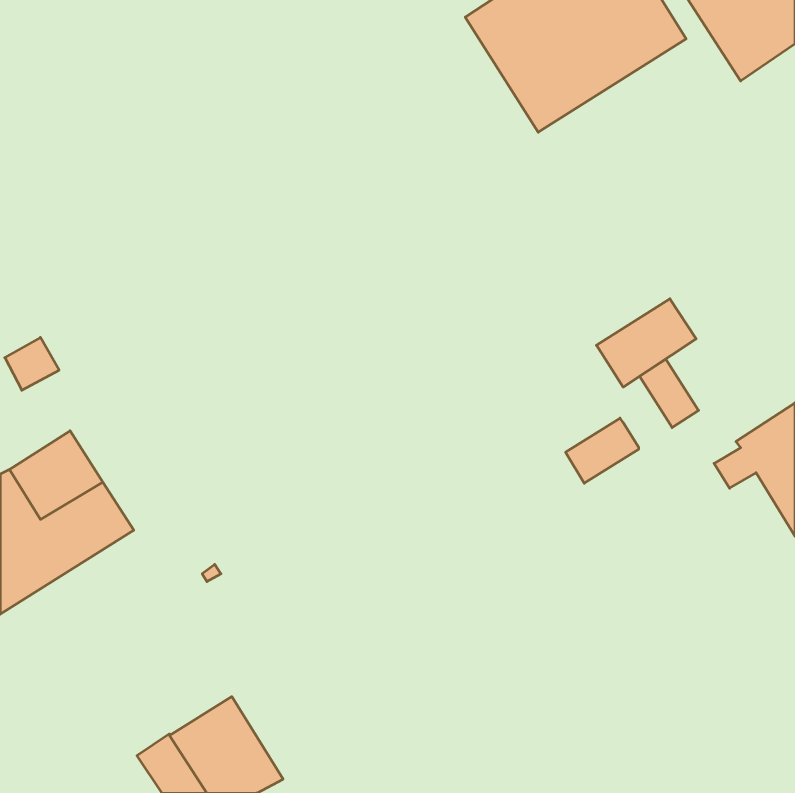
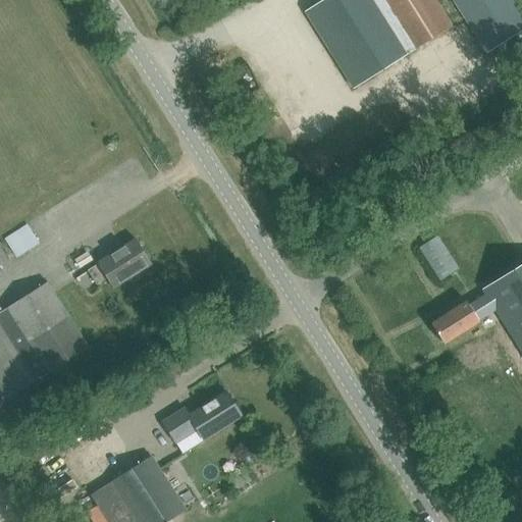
building: [596,299,696,387] -> none
building: none -> [87,239,150,288]
building: [566,418,639,483] -> [430,301,478,344]
building: none -> [161,392,242,443]

